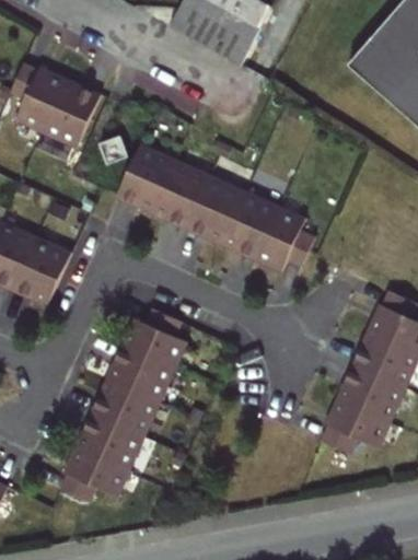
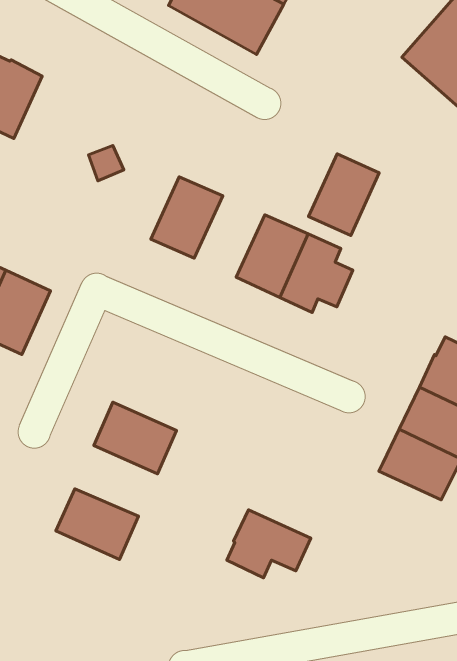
building: [40,81,100,147] -> none
building: [116,145,174,212] -> none
building: [186,177,243,243] -> [309,154,379,235]
building: [120,307,184,366] -> none
building: [90,378,156,435] -> none
building: [317,399,385,454] -> [227,510,311,578]
building: [58,447,126,502] -> none

